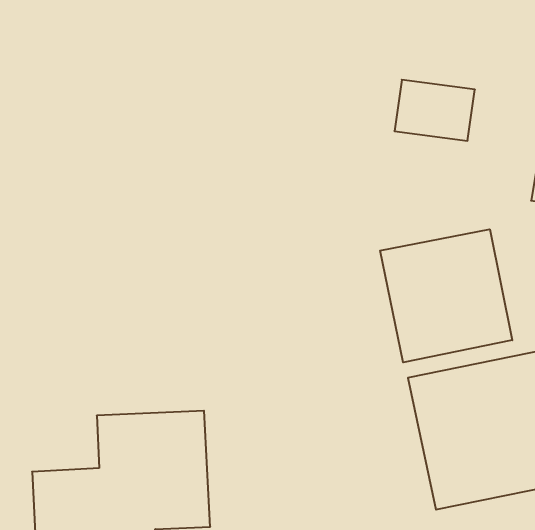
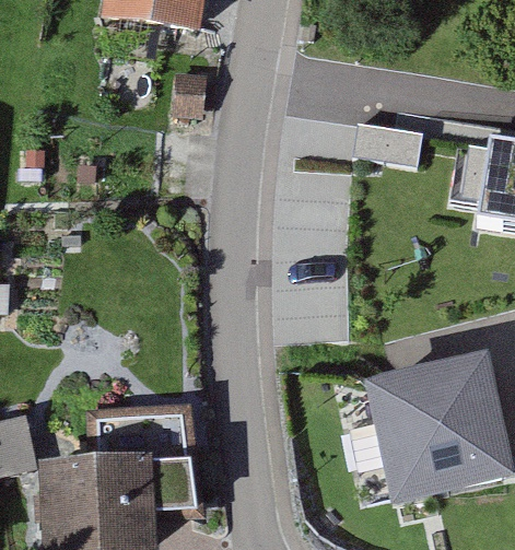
building: [380,229,512,362] -> none

